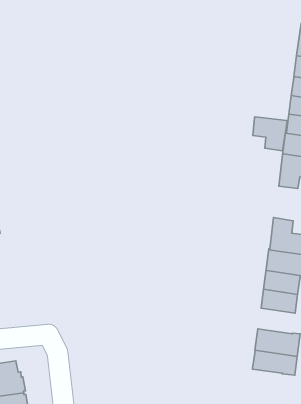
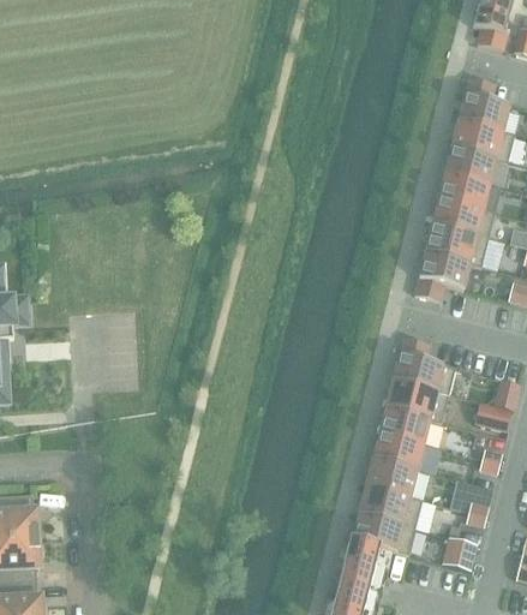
building: [253,117,287,151] -> none
building: none -> [365,459,418,498]
building: none -> [341,538,391,579]

